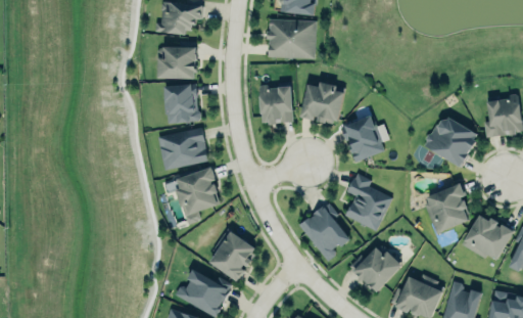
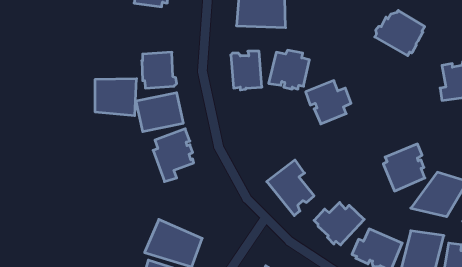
building: [153,44,198,84] -> [95,79,137,116]
building: [424,117,478,166] -> [375,10,425,56]
building: [345,173,393,231] -> none
building: [209,228,255,281] -> none

